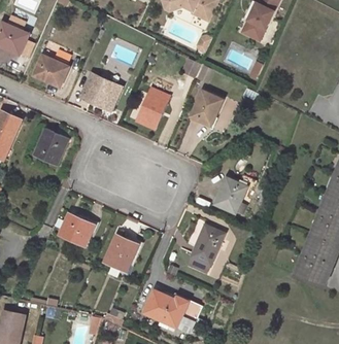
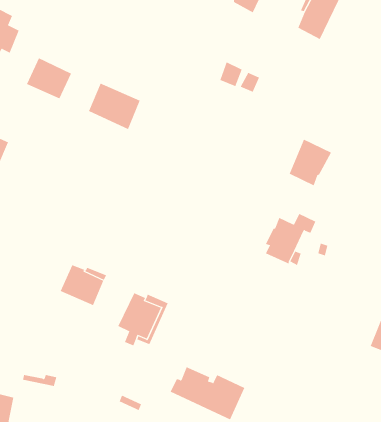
building: [135,88,168,129] -> none
building: [190,90,223,126] -> [289,139,332,186]
building: [32,128,68,166] -> none
building: [188,225,224,273] -> none

